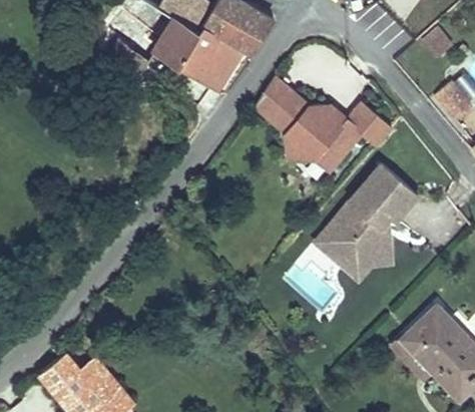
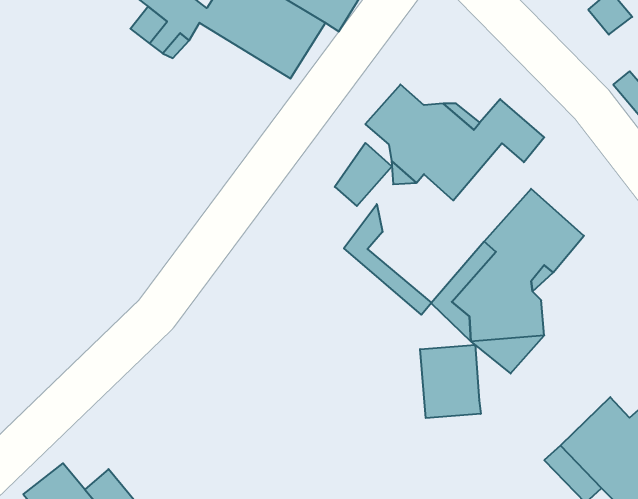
building: [254,76,293,119] -> [335,143,392,206]
building: none -> [344,204,432,315]
building: none -> [420,345,481,418]

